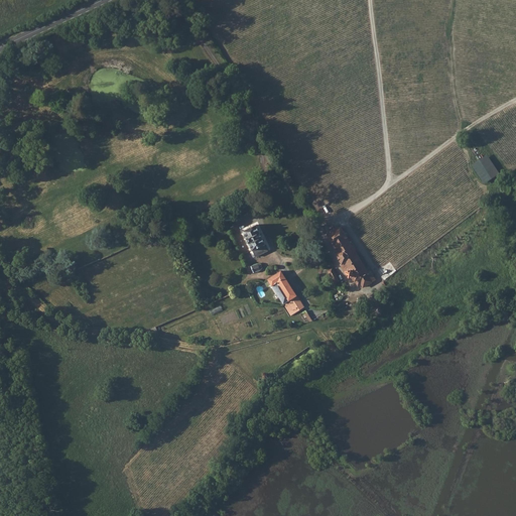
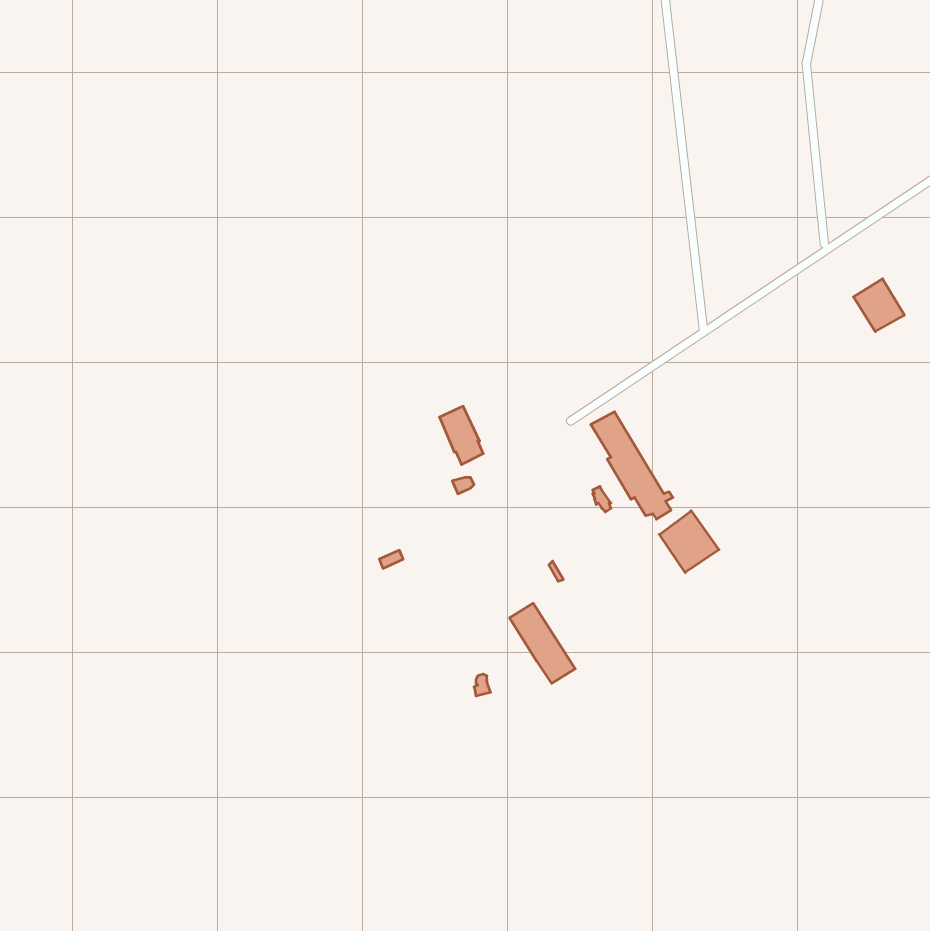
building: [267,271,303,315] -> [510,603,575,683]
building: none -> [659,511,719,573]

